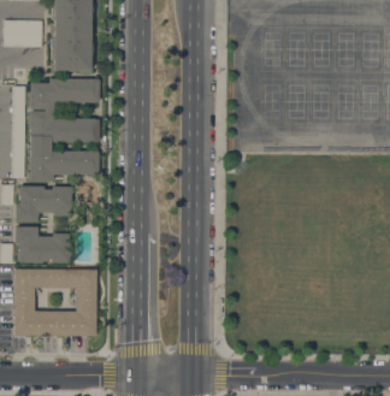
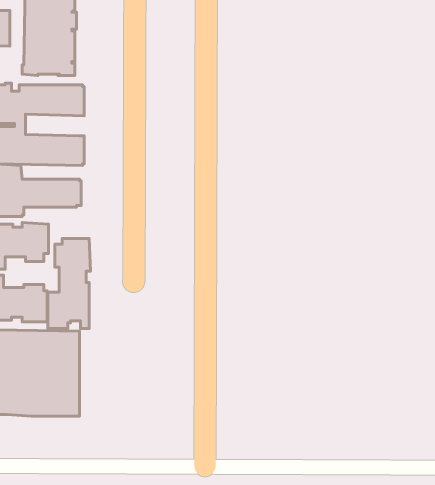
building: none -> [48,238,90,329]

